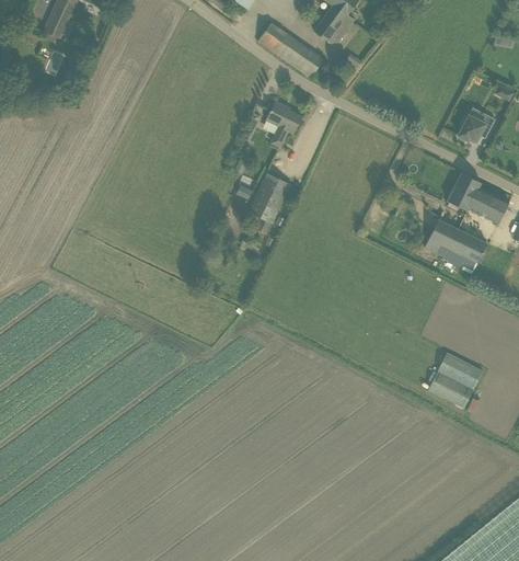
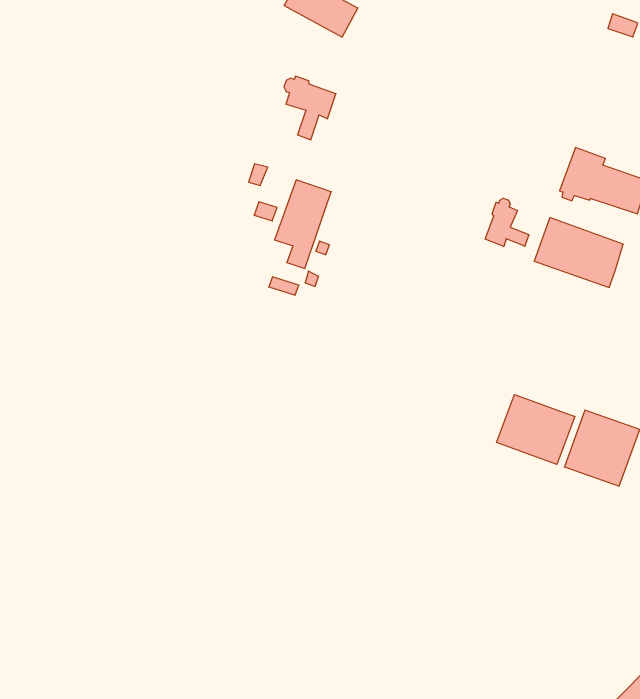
building: [458,114,495,140] -> none
building: none -> [485,198,529,247]
building: none -> [496,395,575,464]

